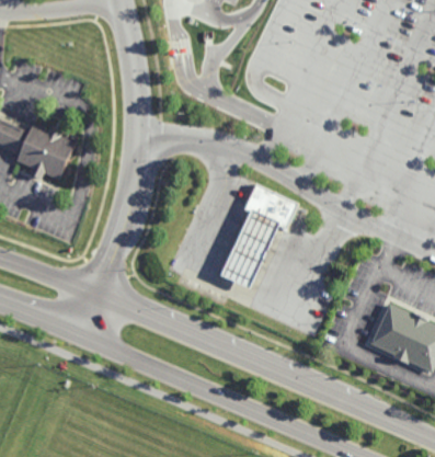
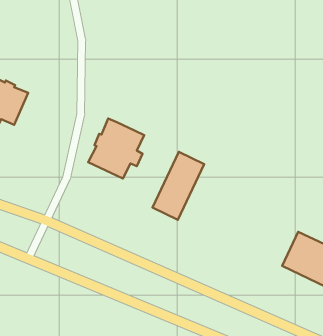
building: none -> [88,119,144,179]
building: [244,182,298,228] -> none

